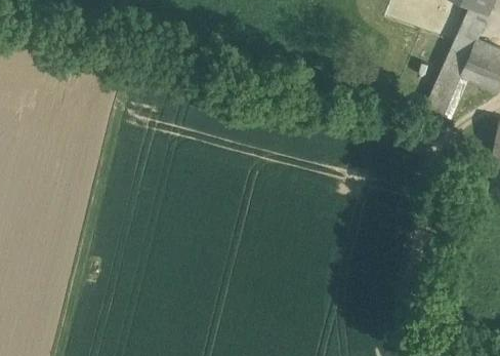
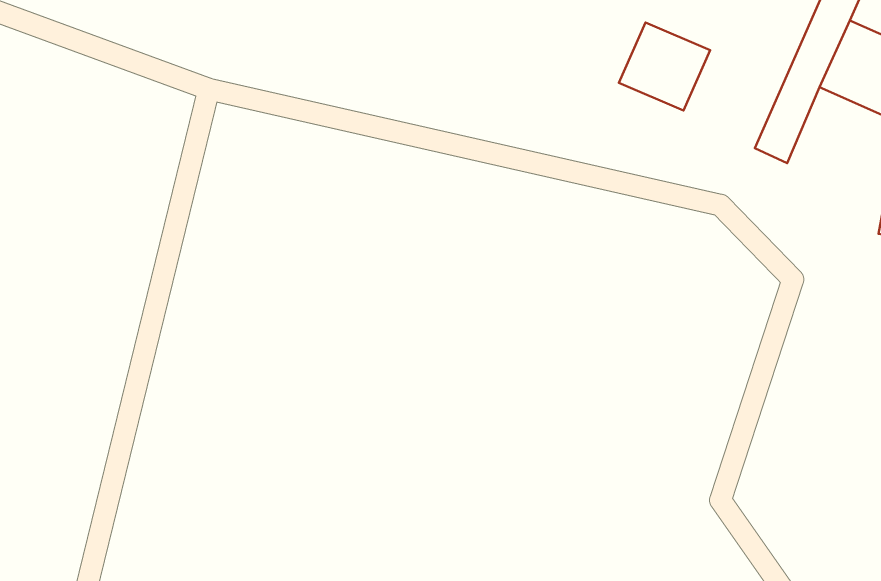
building: none -> [619,22,710,111]

